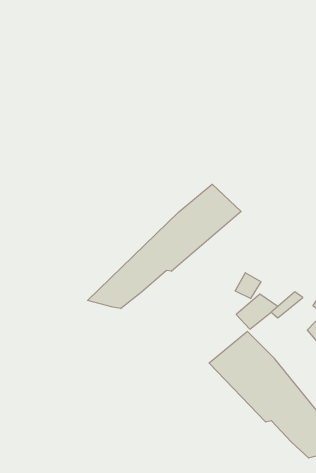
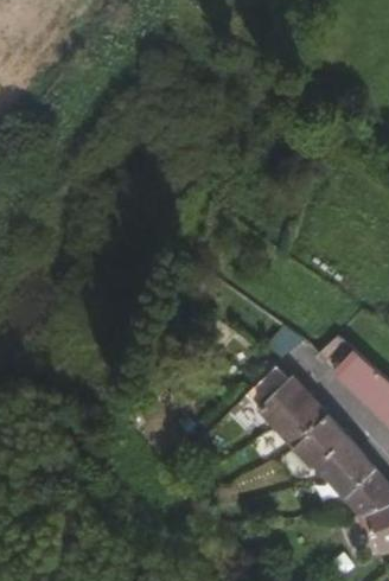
building: [88,184,241,309] -> none

